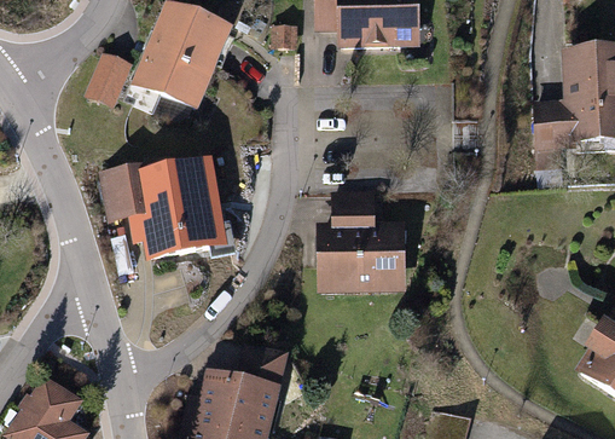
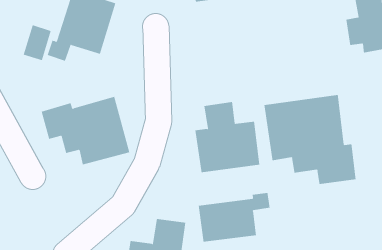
building: none -> [264,94,356,185]
building: none -> [198,192,270,242]

